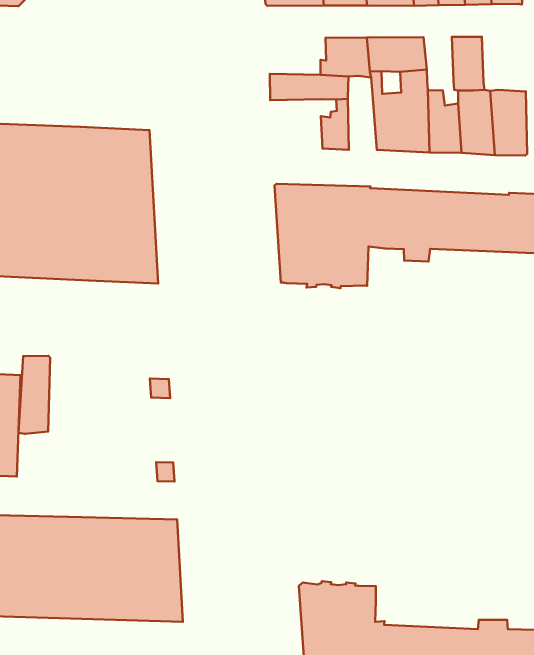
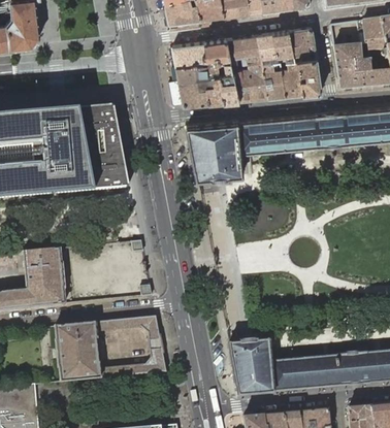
building: none -> [289,27,317,59]
building: none -> [257,32,278,63]
building: none -> [172,41,205,65]
building: none -> [219,60,239,101]
building: none -> [177,74,215,104]
building: [18,356,50,434] -> none

